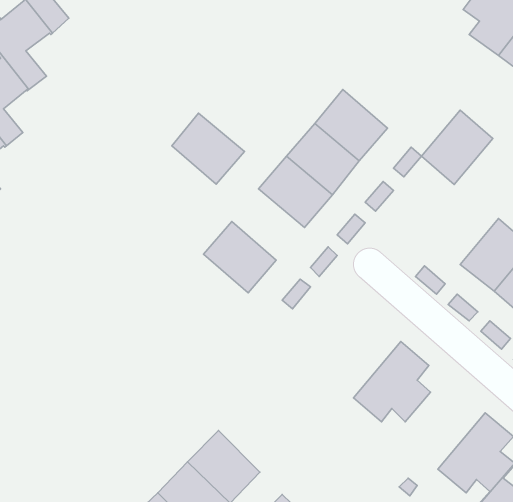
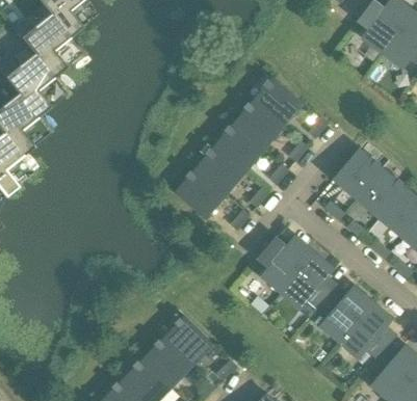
building: [422,110,493,184] -> [333,146,383,198]
building: [172,113,244,184] -> [196,145,246,195]
building: none -> [258,236,314,292]
building: none -> [317,286,373,342]

